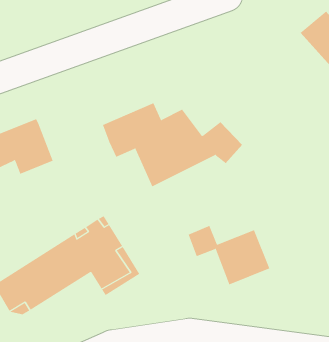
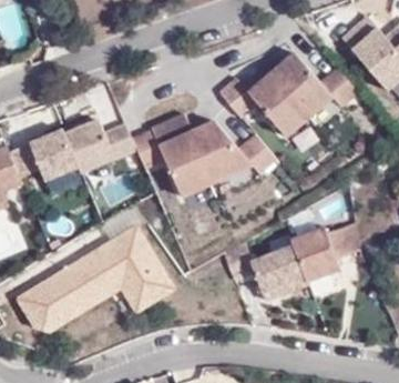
building: none -> [216,50,359,141]
building: none -> [64,119,137,175]
building: none -> [288,221,364,285]

